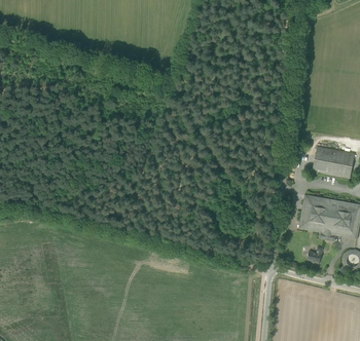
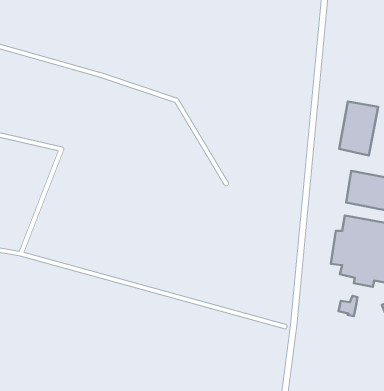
building: none -> [339,102,378,156]

